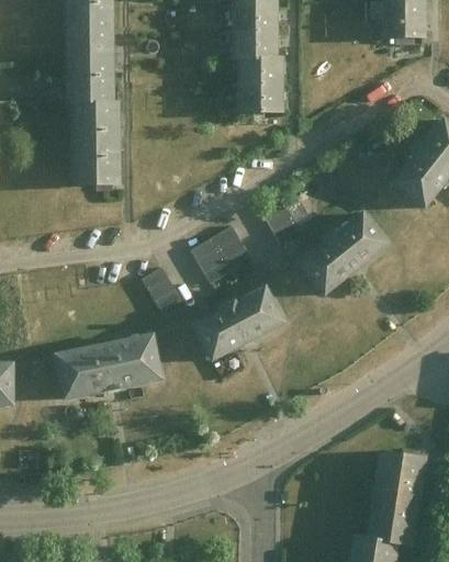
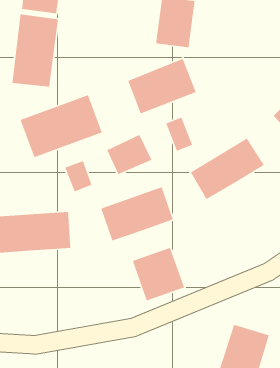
building: none -> [127,58,197,115]
building: none -> [19,94,103,158]
building: none -> [132,247,185,302]

